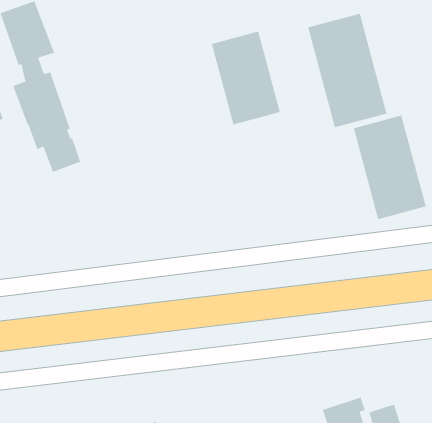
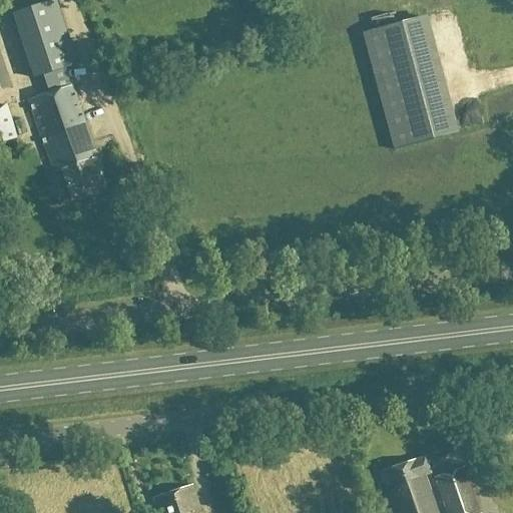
building: [211,30,281,126] -> none
building: [353,114,427,220] -> none

